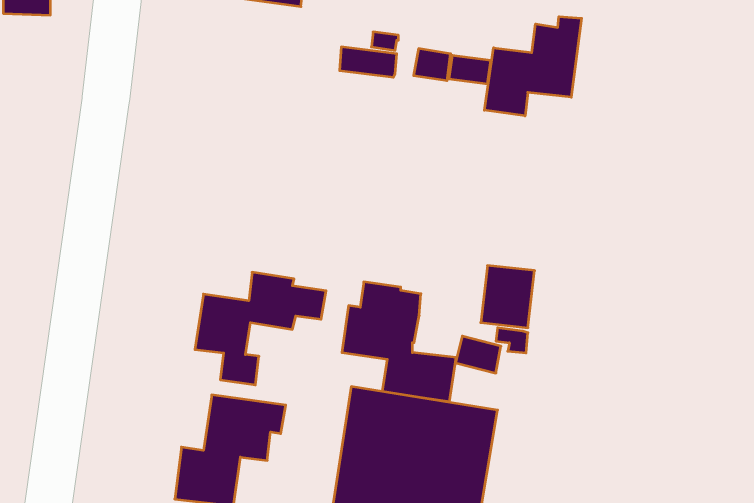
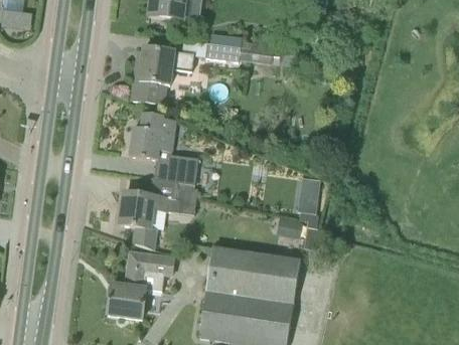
building: [484,17,582,116] -> none
building: none -> [132,46,193,103]
building: [342,282,456,401] -> [129,113,197,184]

